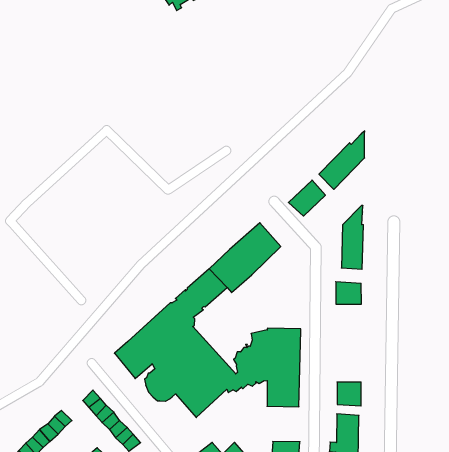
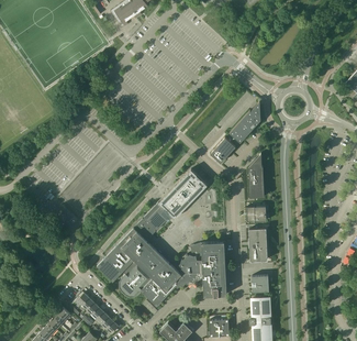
building: none -> [249,229,267,261]

